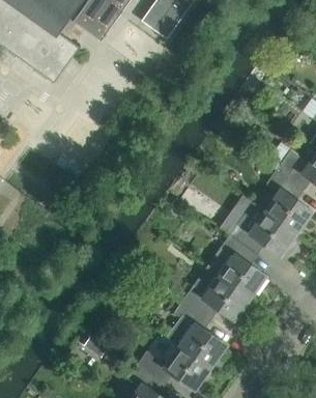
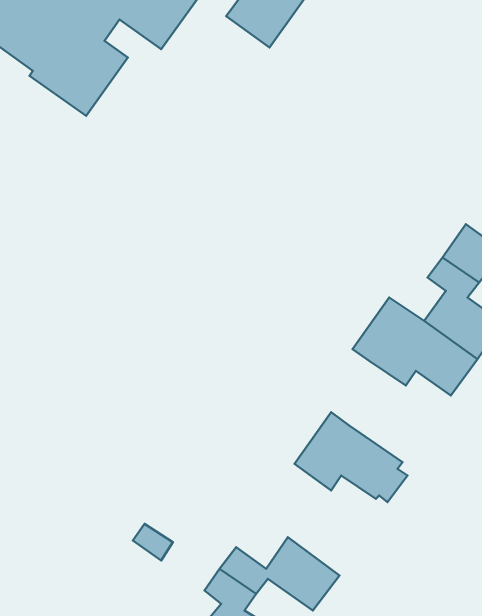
building: [206,235,267,298] -> none
building: [167,300,231,369] -> none

